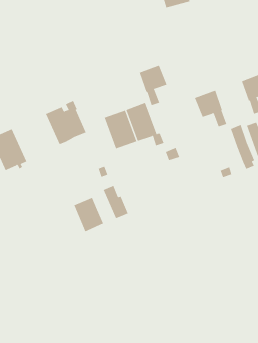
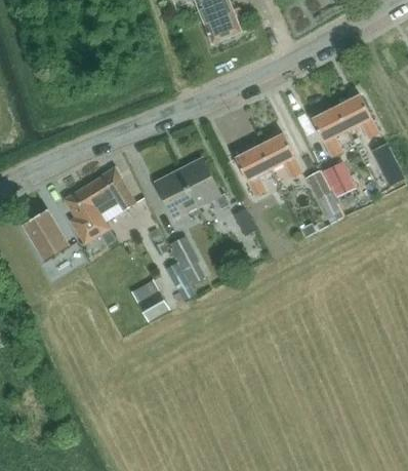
building: [139,65,167,106] -> [236,145,272,195]
building: none -> [65,186,116,247]
building: none -> [169,235,208,288]

